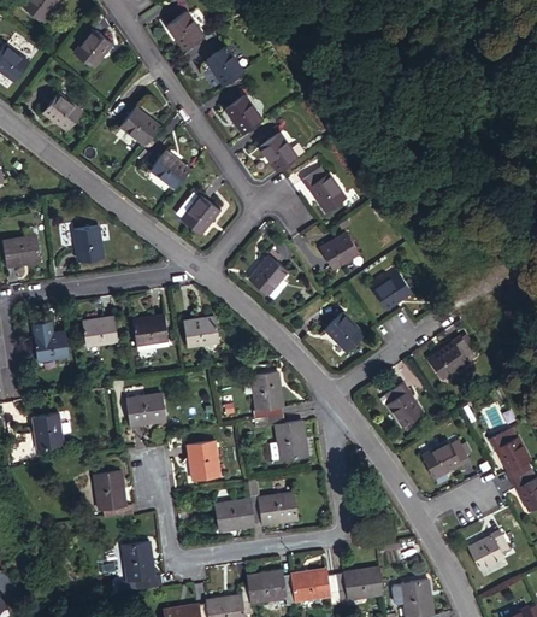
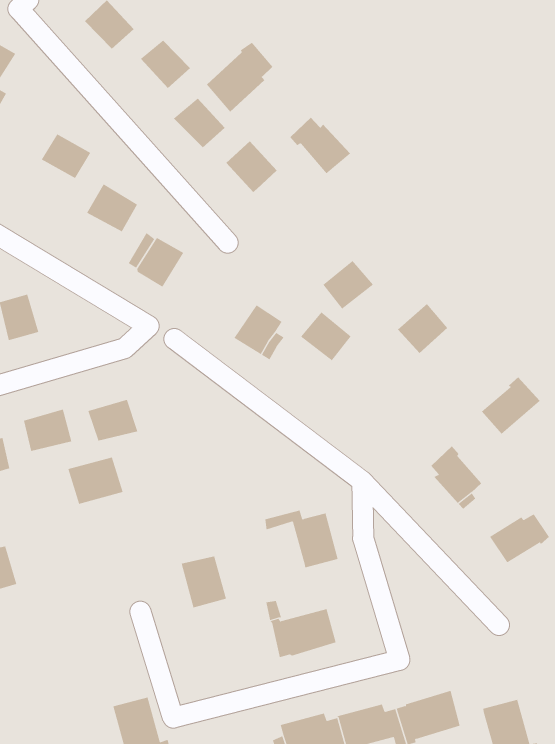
building: none -> [206,42,273,112]
building: [301,166,346,211] -> [290,117,351,174]
building: [324,312,362,351] -> [300,312,351,361]
building: [183,317,218,346] -> none
building: [250,371,282,418] -> none
building: [125,393,165,425] -> [68,457,123,504]
building: [93,470,132,516] -> none
building: [214,498,253,530] -> none

